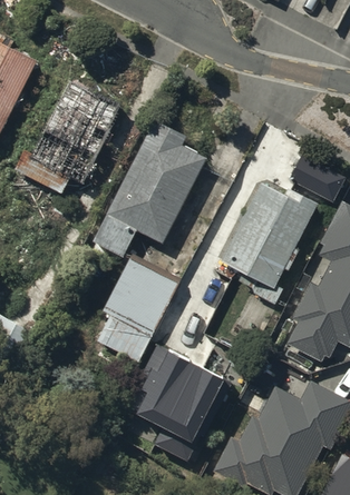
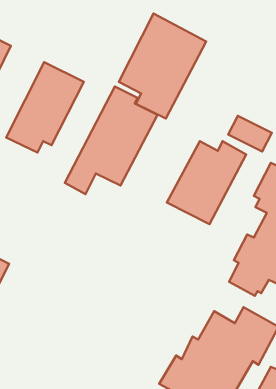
building: none -> [119,14,206,119]
building: [96,253,174,353] -> none
building: [135,348,222,458] -> none

